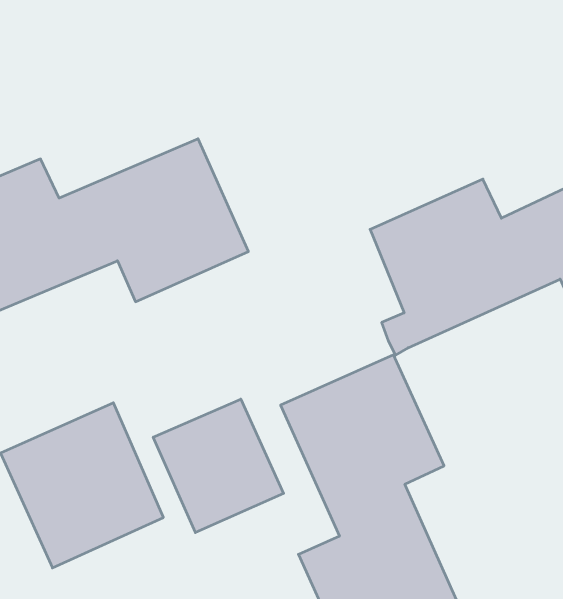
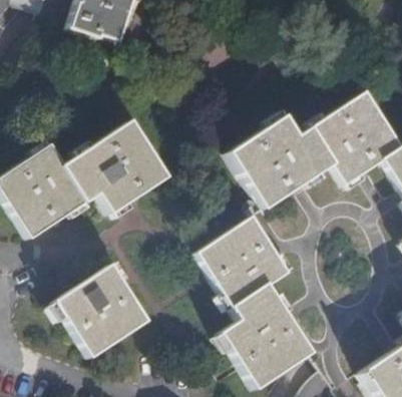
building: [153,399,284,533] -> none

